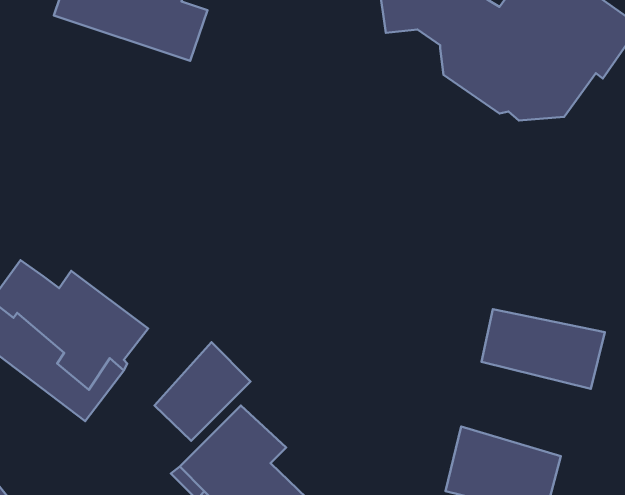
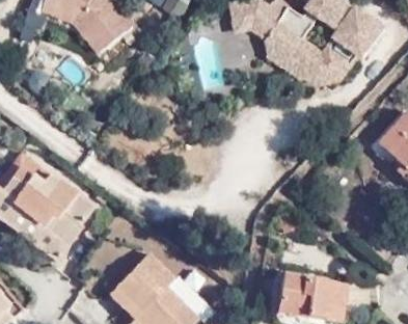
building: [481,309,605,389] -> none
building: [154,342,251,441] -> none

